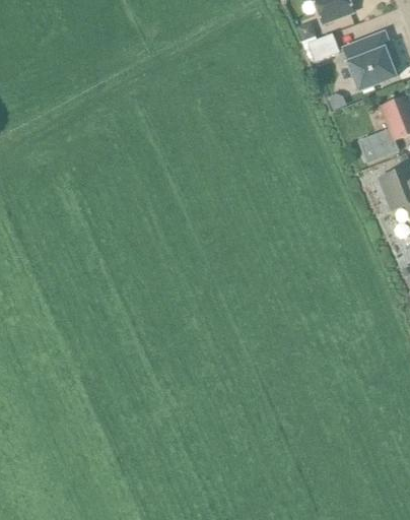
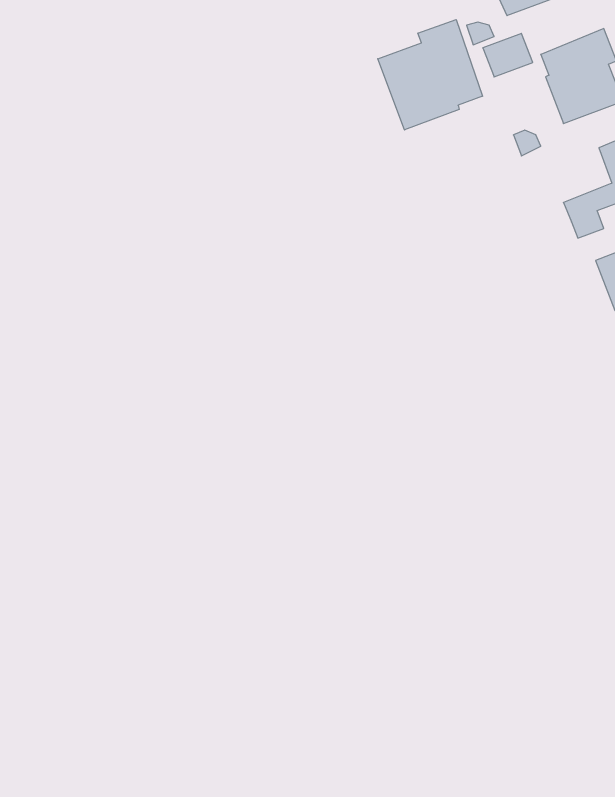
building: none -> [378,20,483,130]

